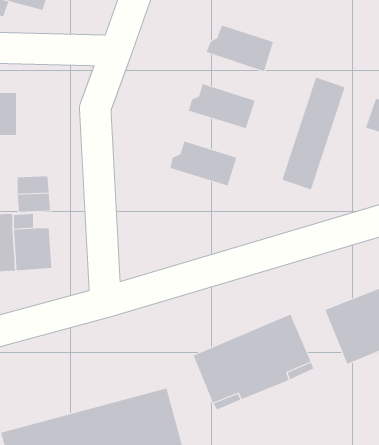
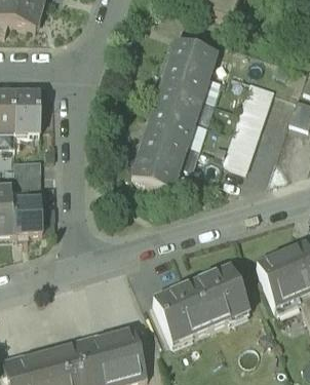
building: none -> [160,61,209,99]
building: none -> [14,92,40,131]
building: none -> [146,107,195,144]
building: none -> [130,152,181,190]

